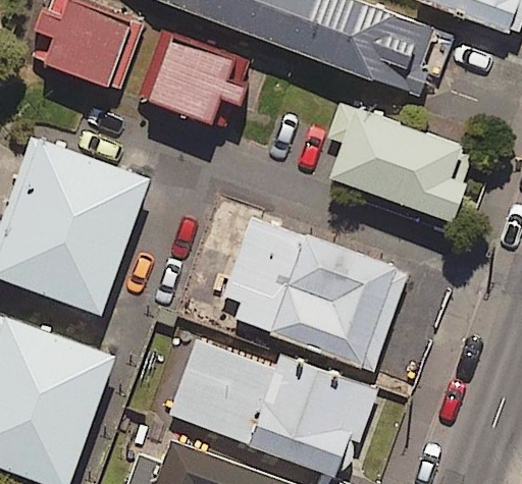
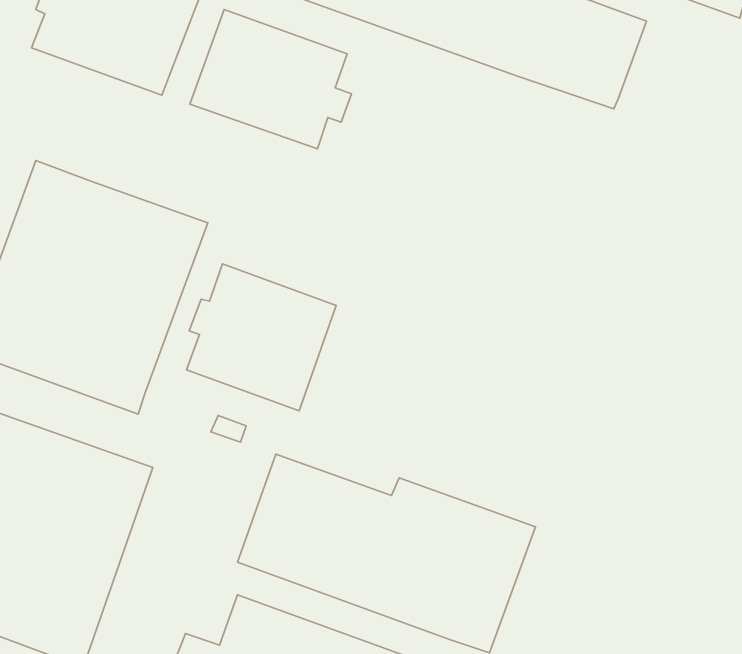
building: [328,106,475,221] -> none
building: none -> [187,264,336,411]
building: [221,216,404,364] -> none

